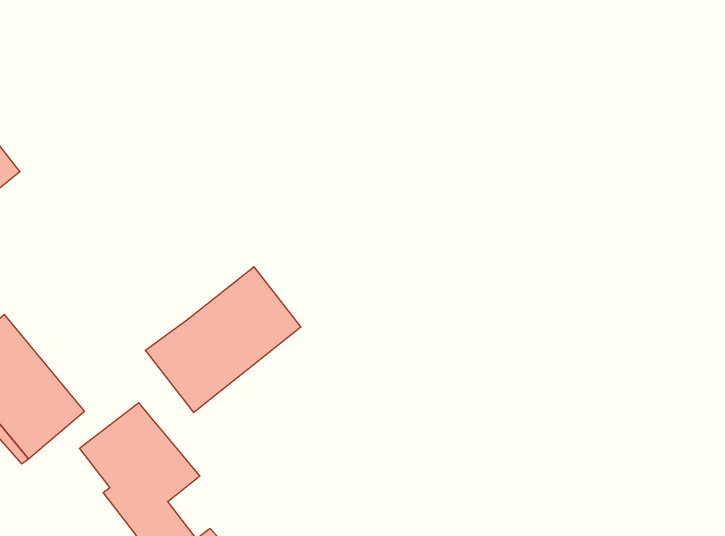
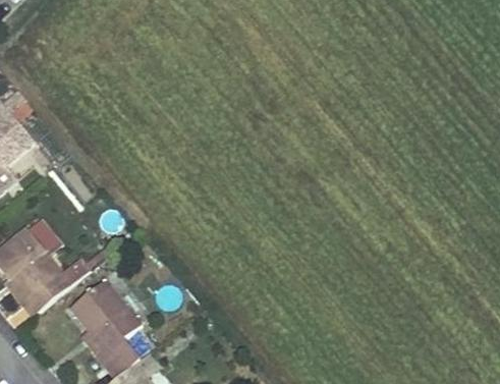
building: [145,267,301,413] -> none

